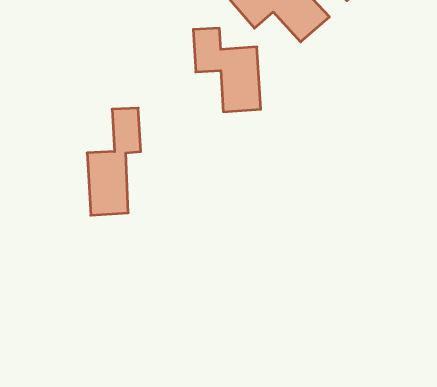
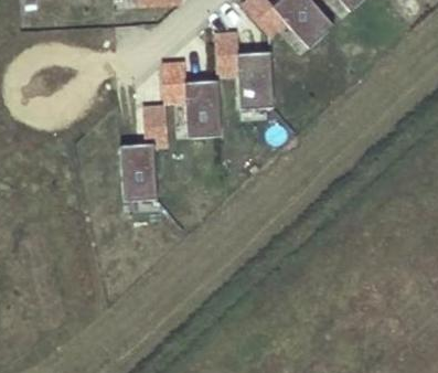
building: none -> [162,60,222,138]

